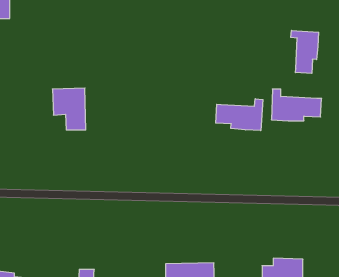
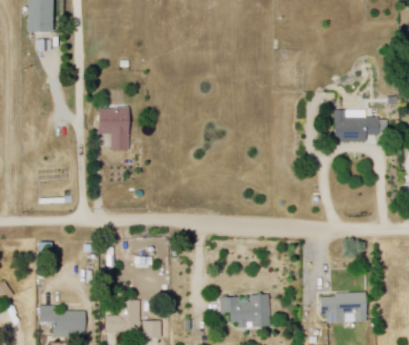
building: [291,30,319,73] -> none
building: [216,99,263,131] -> none

